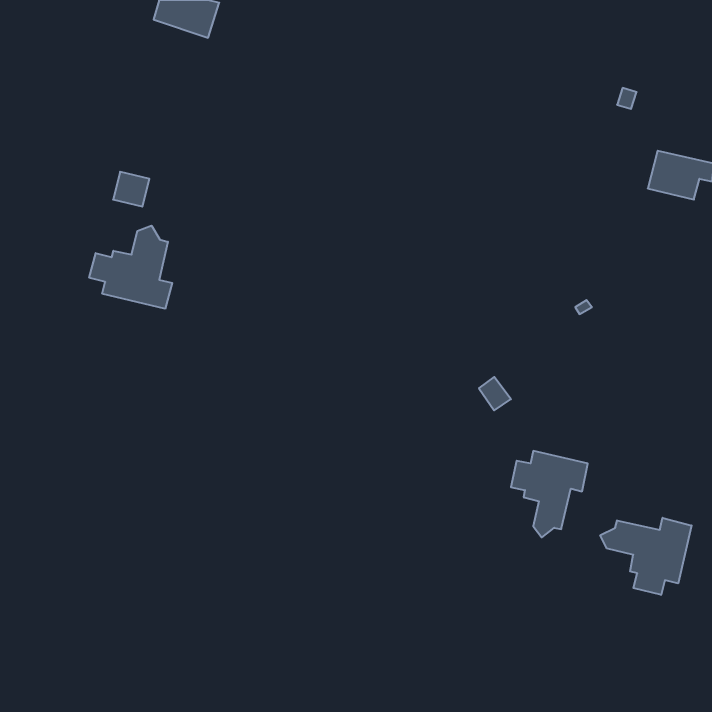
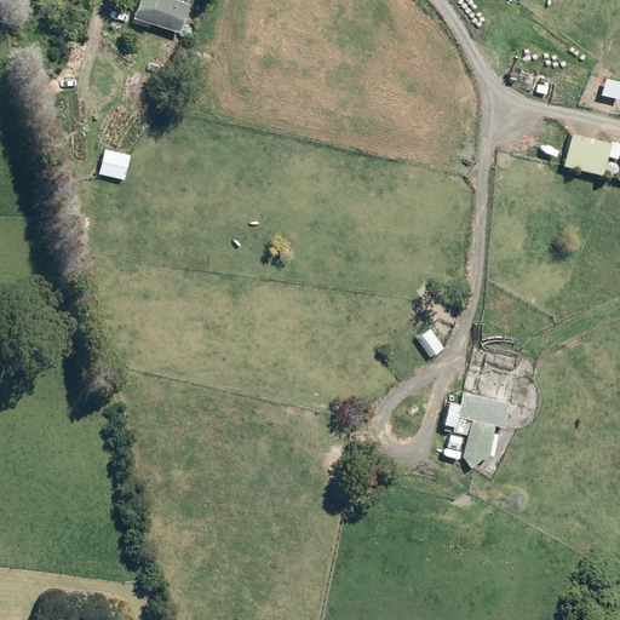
building: [89,226,172,309] -> none
building: [600,518,692,595] -> none

